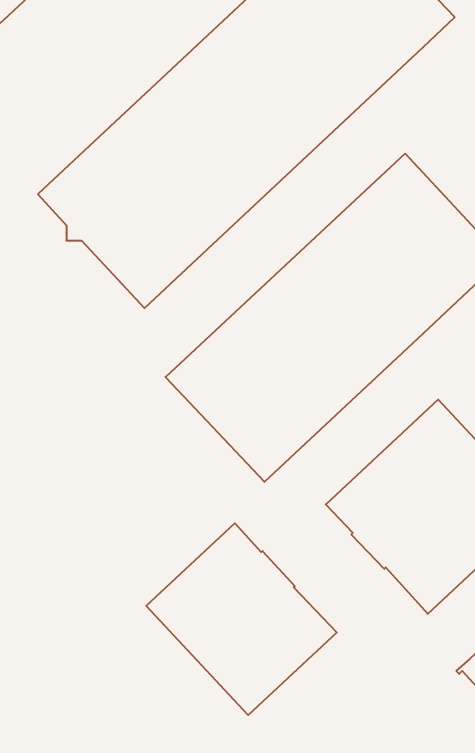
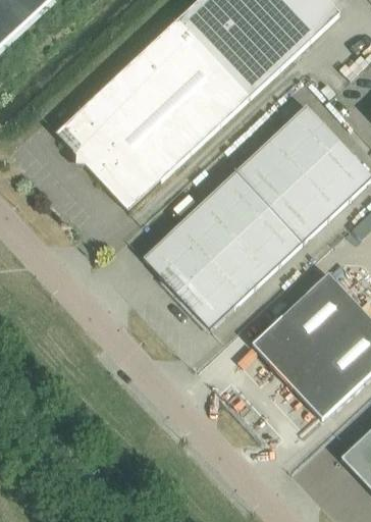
building: [146,523,337,715] -> none

